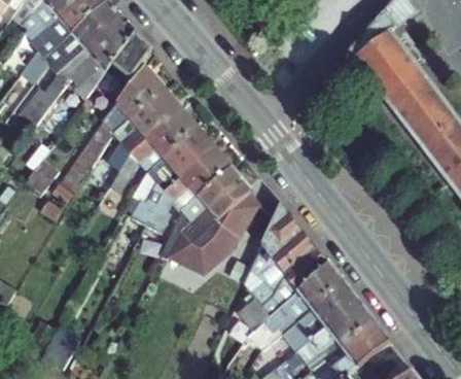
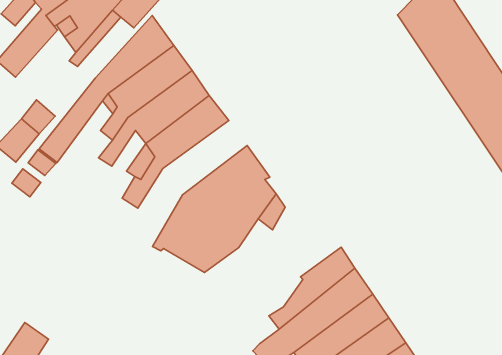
building: [145,147,232,233] -> none
building: [239,203,315,330] -> none

